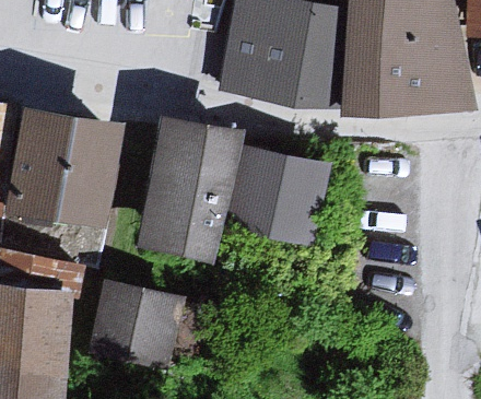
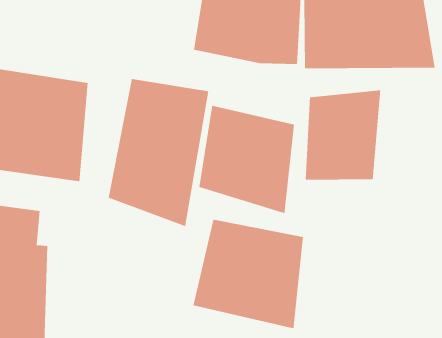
building: none -> [305,89,381,180]
building: none -> [193,219,303,329]
building: [83,279,189,382] -> none

